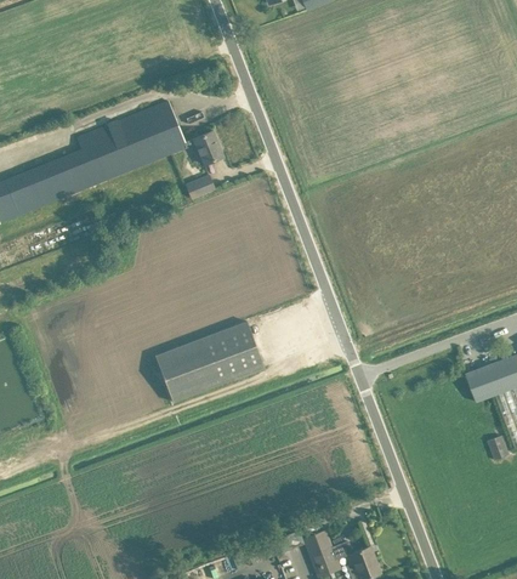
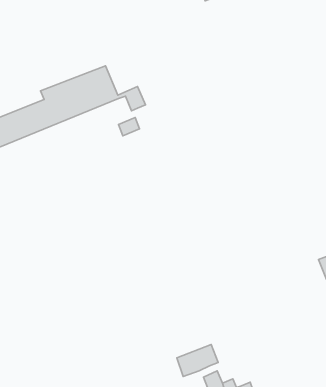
building: [154,322,263,403] -> none
building: none -> [177,345,218,377]

